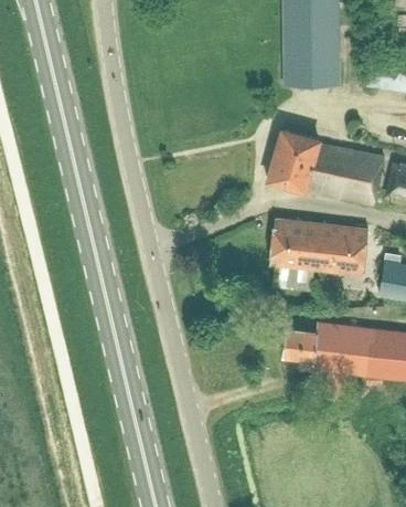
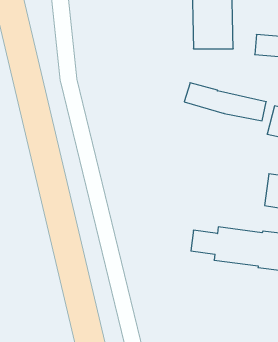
building: [266,157,376,203] -> none
building: [268,219,367,275] -> none

